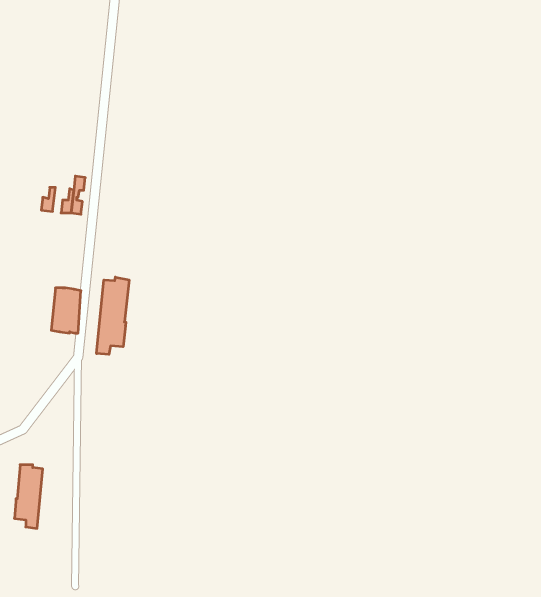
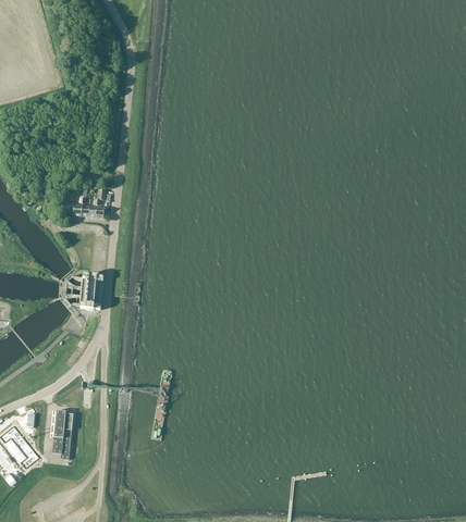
building: [97,277,129,354] -> none

